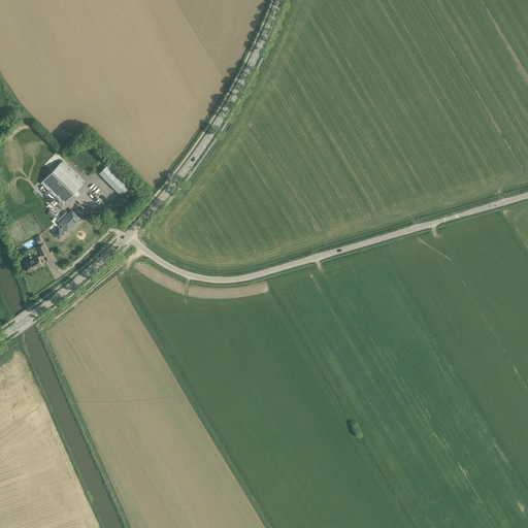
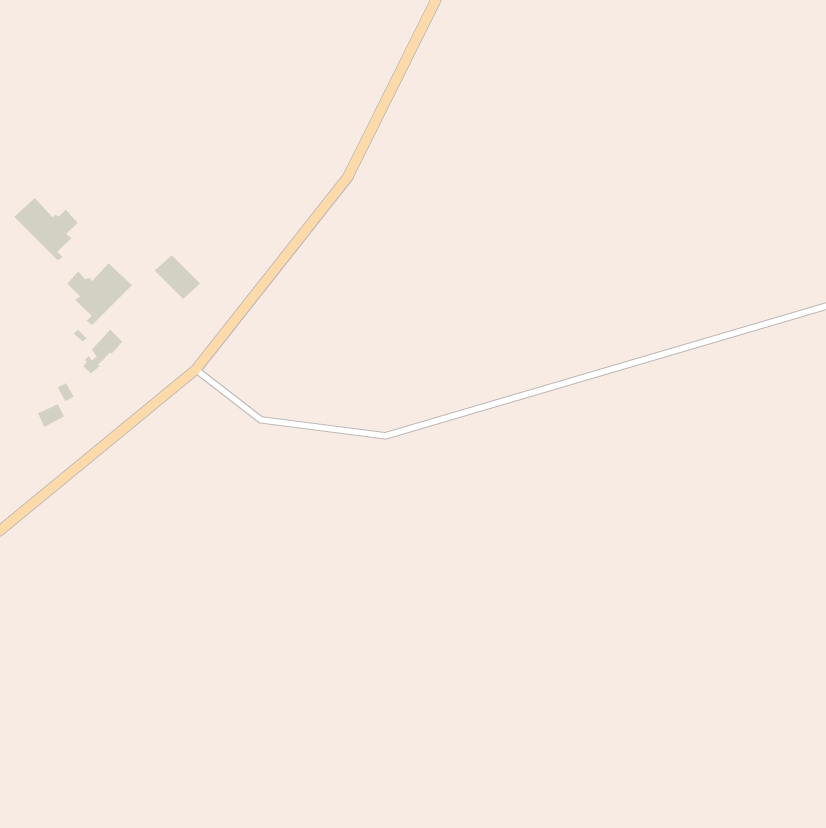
building: none -> [13,197,78,261]

